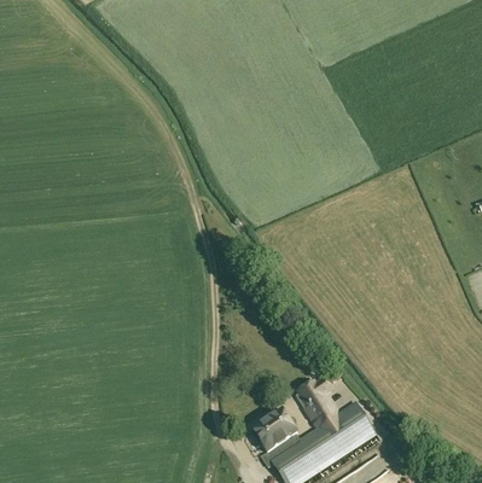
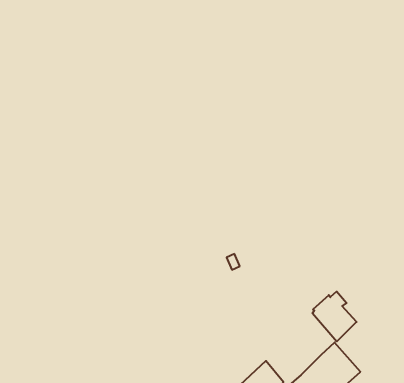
building: [295,376,338,426] -> [312,292,357,341]

